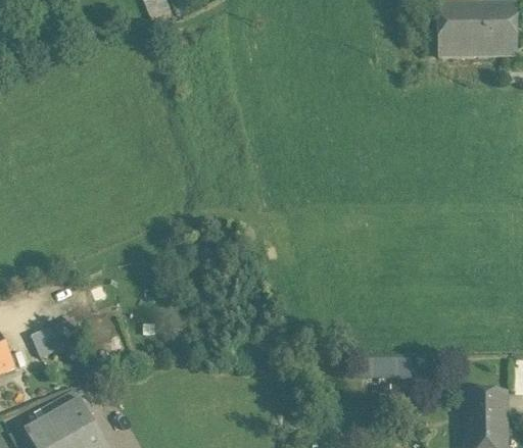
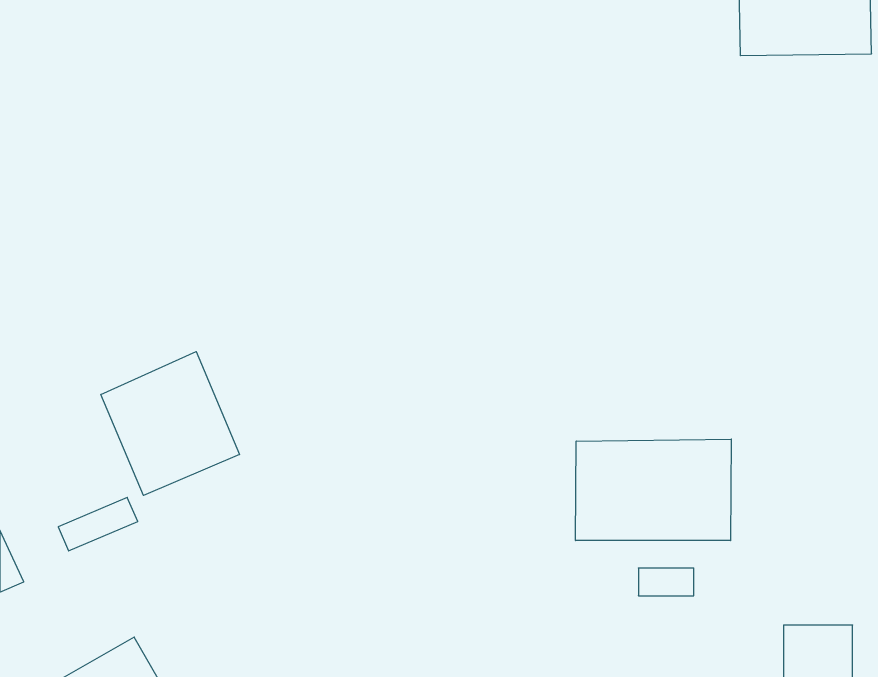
building: none -> [101,352,239,495]
building: none -> [576,439,731,541]

